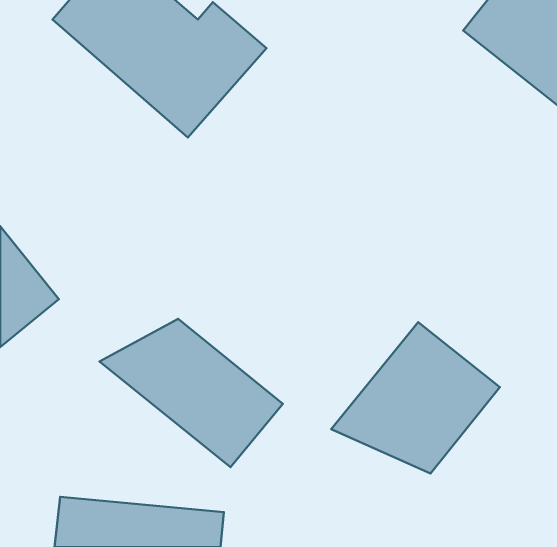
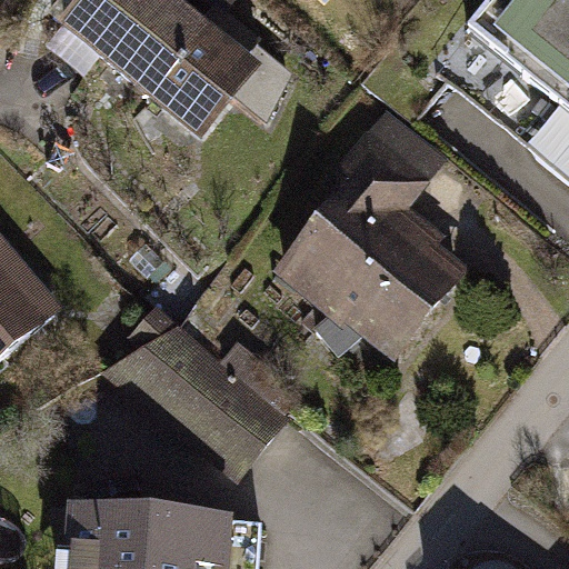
building: none -> [272,114,469,362]
building: [331,322,500,473] -> none

